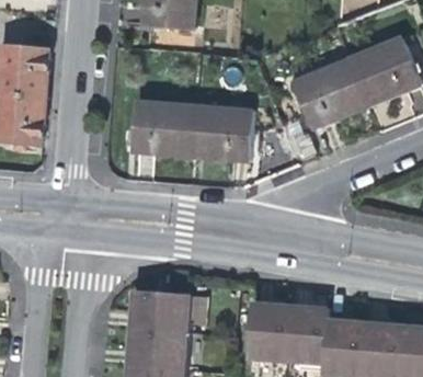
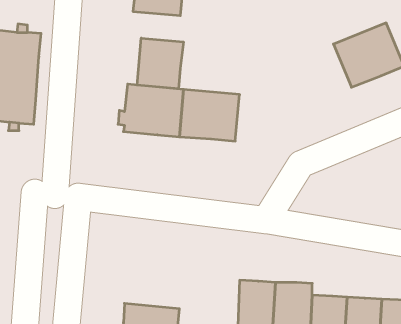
building: none -> [137,38,183,89]
building: [296,58,368,125] -> none
building: [133,292,193,333] -> none

